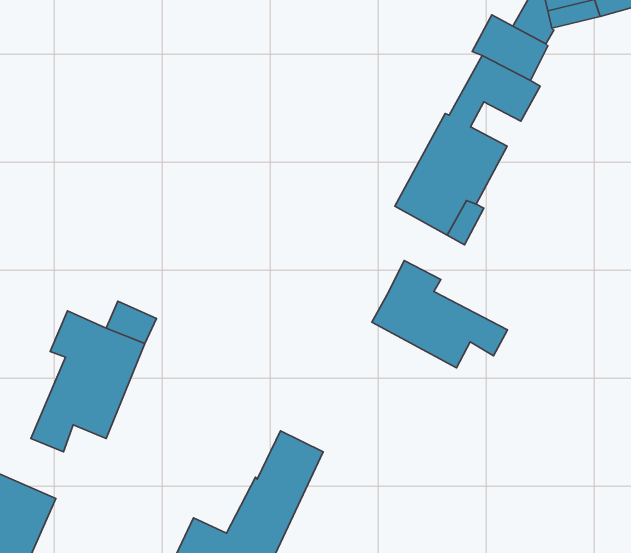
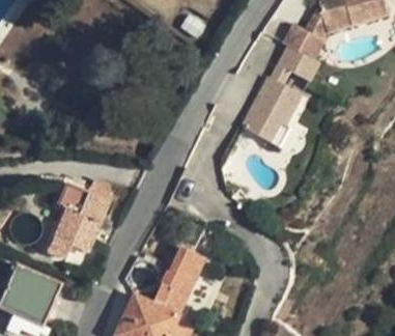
building: [372,260,507,368] -> none

